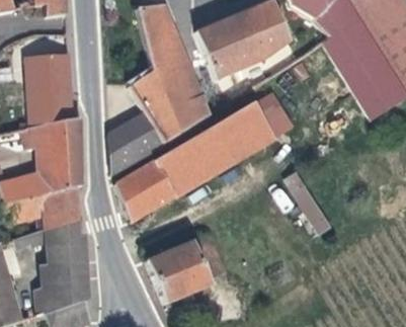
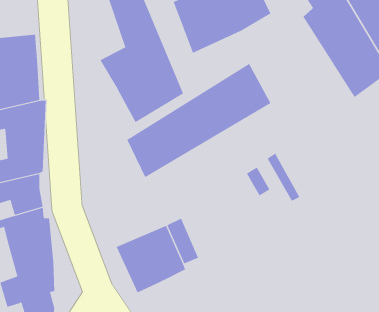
building: [108,109,164,173] -> none
building: [113,157,173,219] -> none

